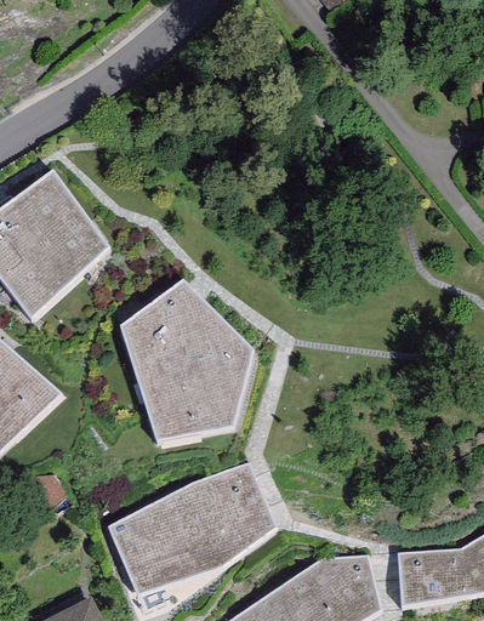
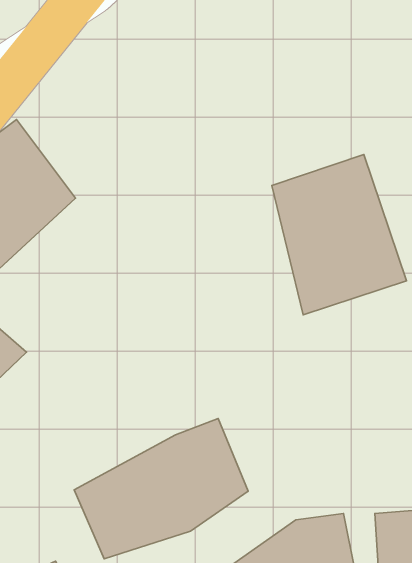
building: none -> [272,154,406,315]
building: [120,281,251,441] -> none

